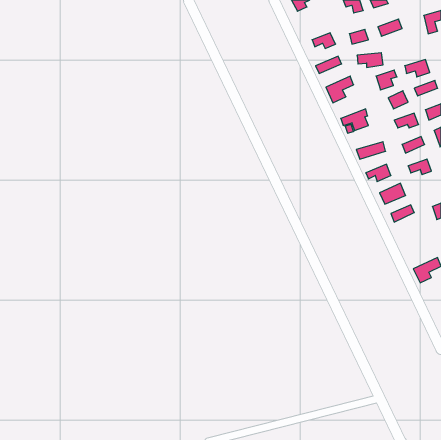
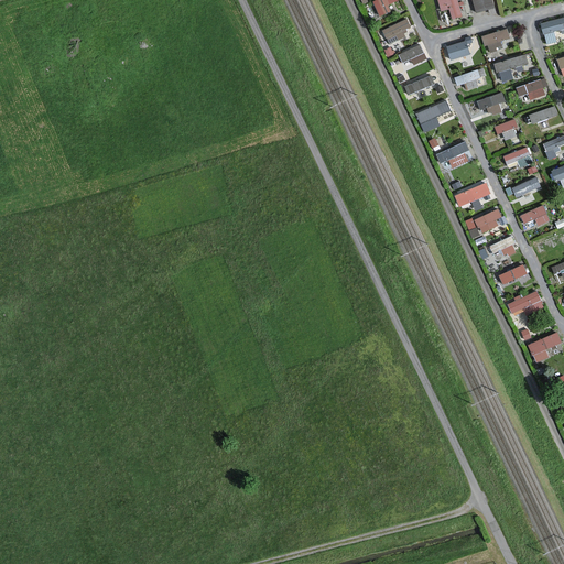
building: none -> [381,15,413,51]
building: none -> [492,54,529,79]
building: none -> [506,290,544,318]

